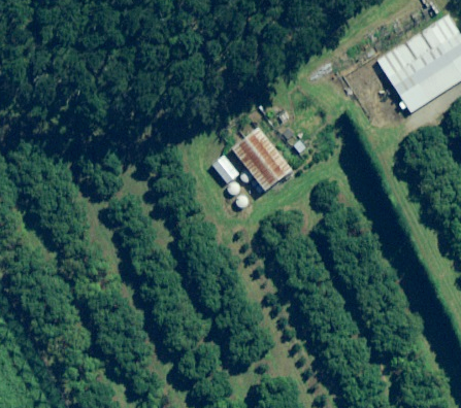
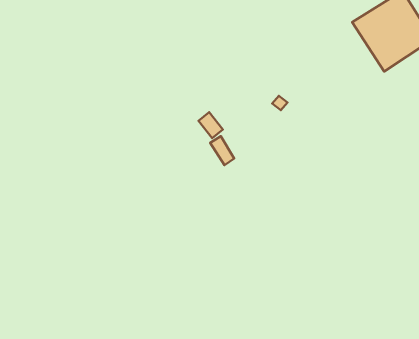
building: [233,128,292,194] -> none

